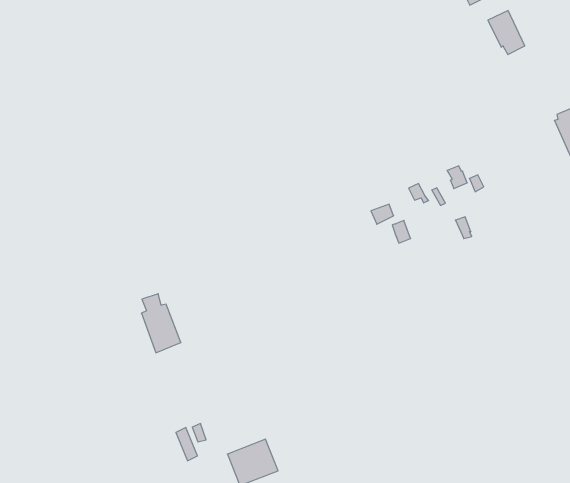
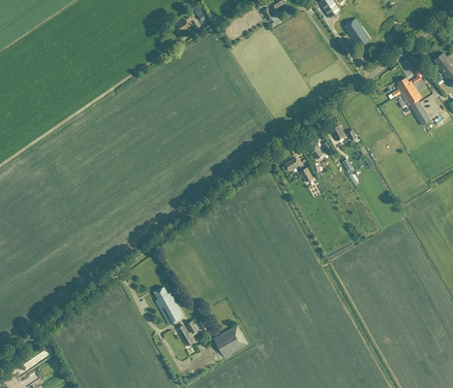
building: [141,294,181,353] -> [154,287,184,326]

